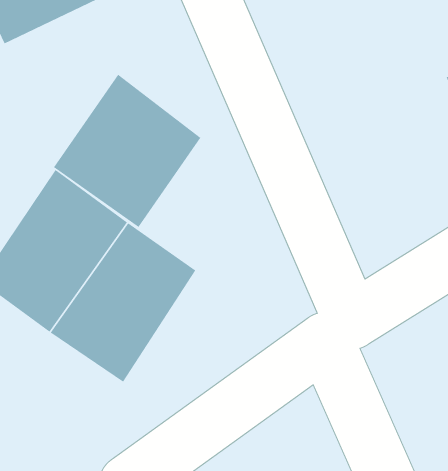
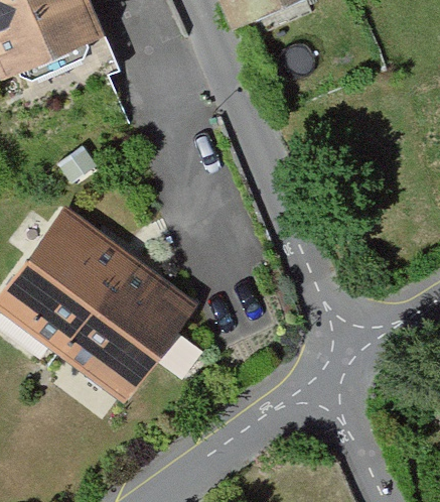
building: [53,74,201,228] -> none

